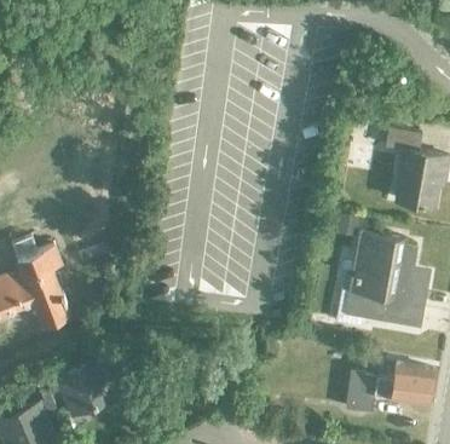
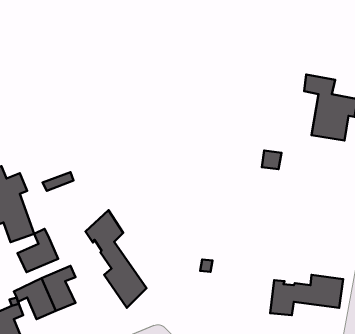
building: [338,231,425,325] -> none
building: none -> [86,210,146,308]
building: none -> [18,229,58,272]

